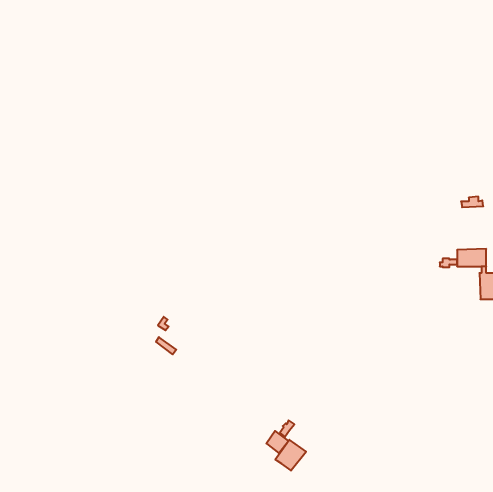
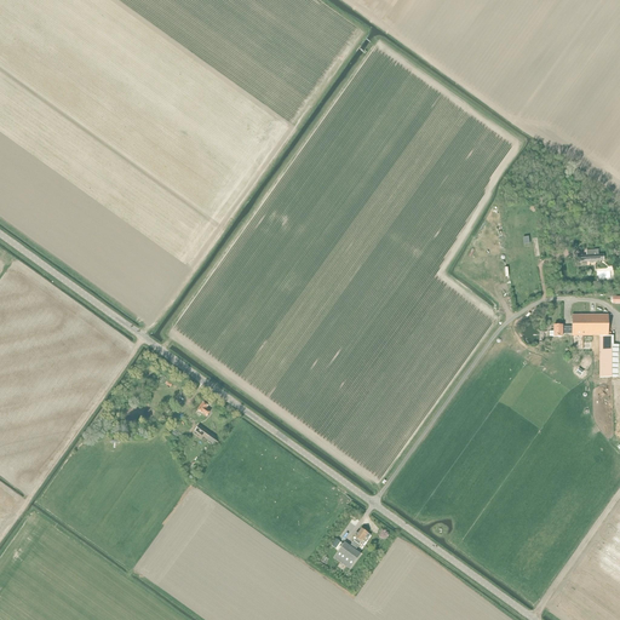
building: [275,440,306,471] -> none

